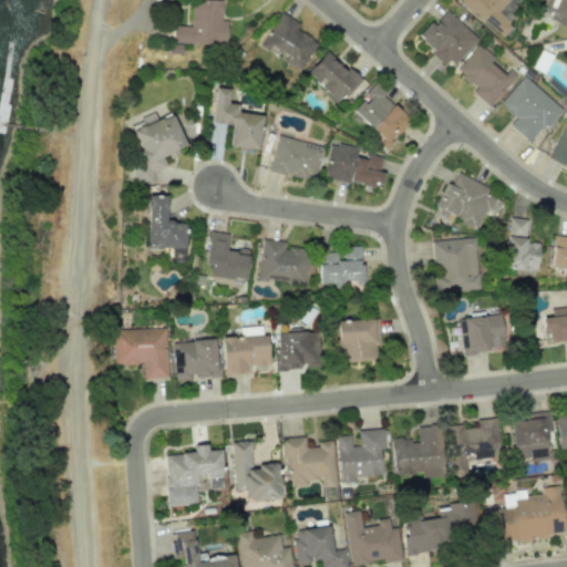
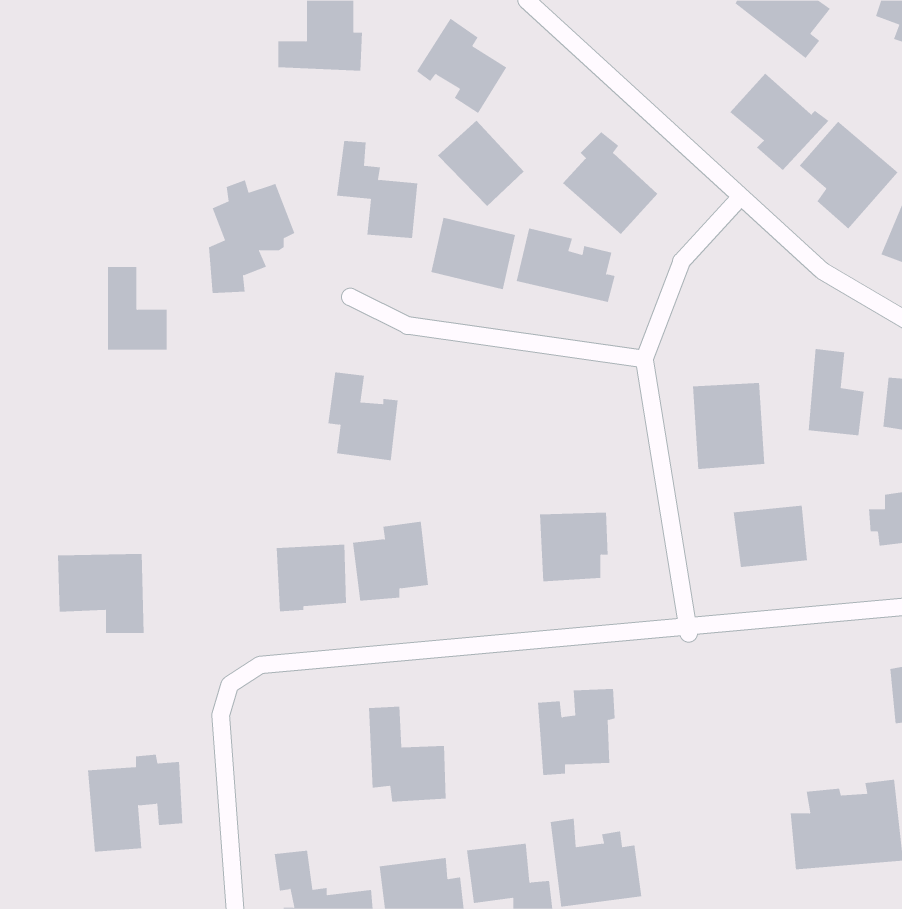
building: [420,10,481,68] -> none
building: [308,49,362,103] -> [437,120,524,207]
building: [437,173,496,228] -> none
building: [151,195,188,247] -> [107,267,168,350]
building: [260,239,312,284] -> none
building: [322,246,365,285] -> none
building: [116,328,171,378] -> [57,553,144,633]
building: [277,331,322,369] -> none
building: [514,411,554,462] -> none
building: [450,417,502,475] -> none
building: [394,424,447,478] -> none
building: [284,436,338,487] -> none
building: [166,444,226,505] -> [87,754,183,852]
building: [404,501,480,555] -> none

